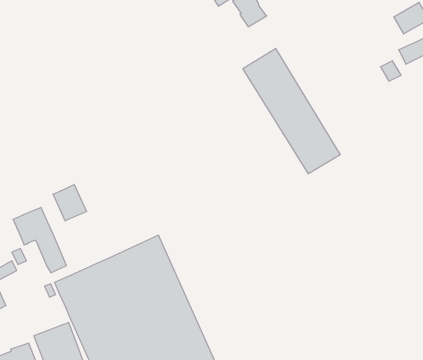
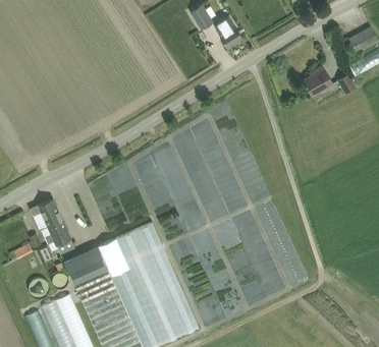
building: [243,48,340,174] -> none
building: none -> [303,64,332,95]
building: [53,184,87,221] -> none

